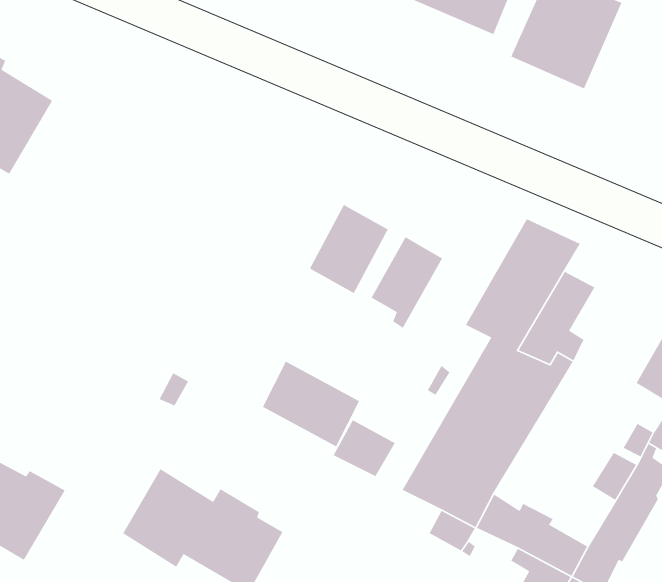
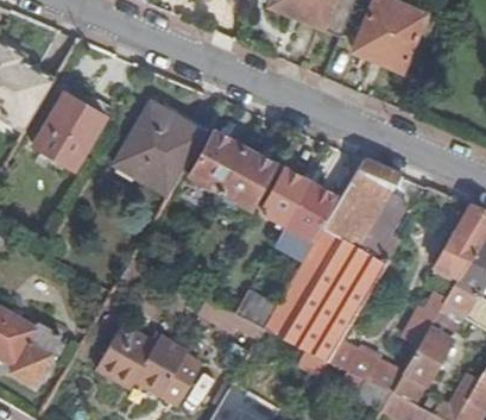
building: none -> [26,96,105,180]
building: none -> [115,104,201,195]
building: none -> [190,133,242,192]
building: none -> [282,184,333,238]
building: [262,361,360,448] -> none

